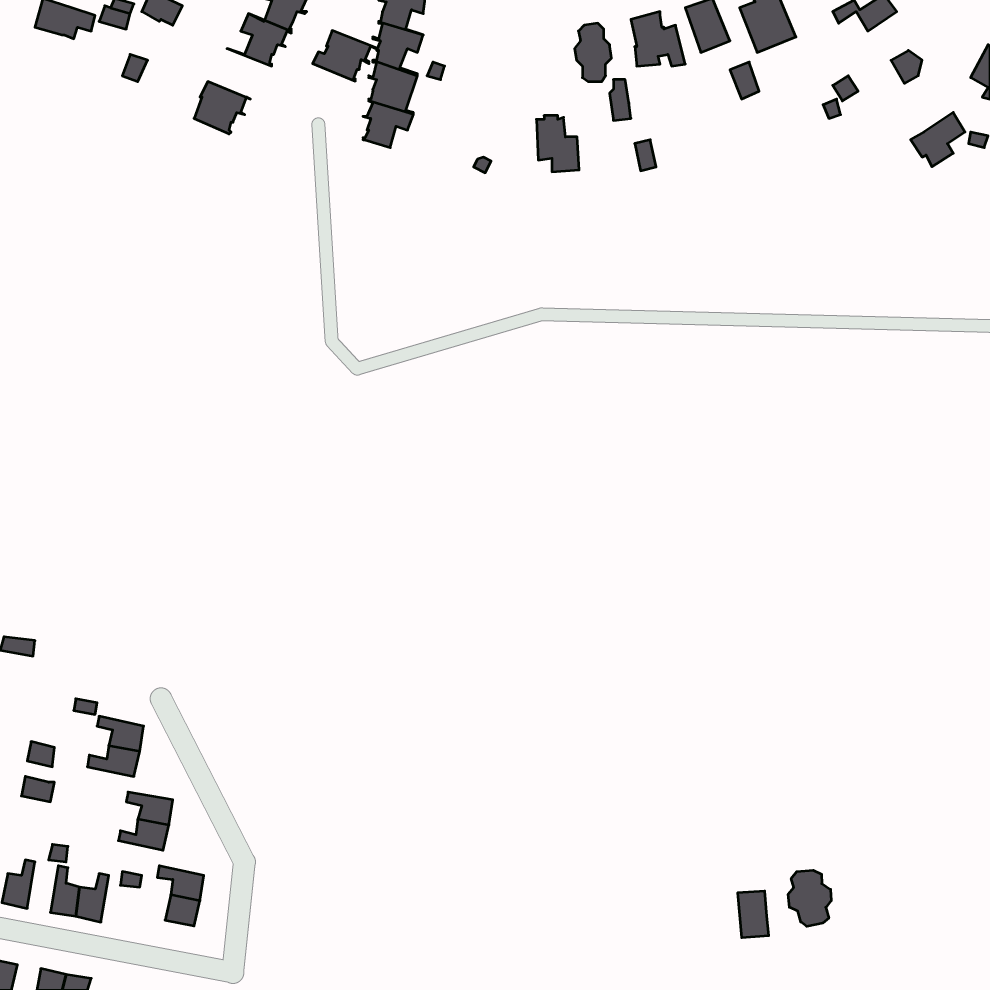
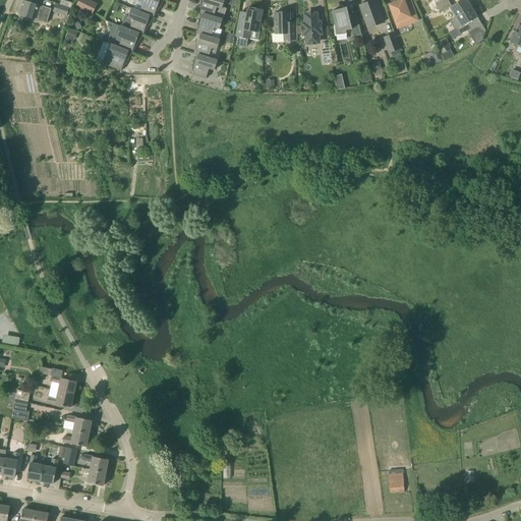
building: none -> [235,6,262,40]
building: [313,31,377,81] -> [109,25,142,52]
building: [911,112,965,167] -> [448,6,476,35]
building: [536,116,579,172] -> [274,10,296,40]
building: [788,870,831,926] -> none

